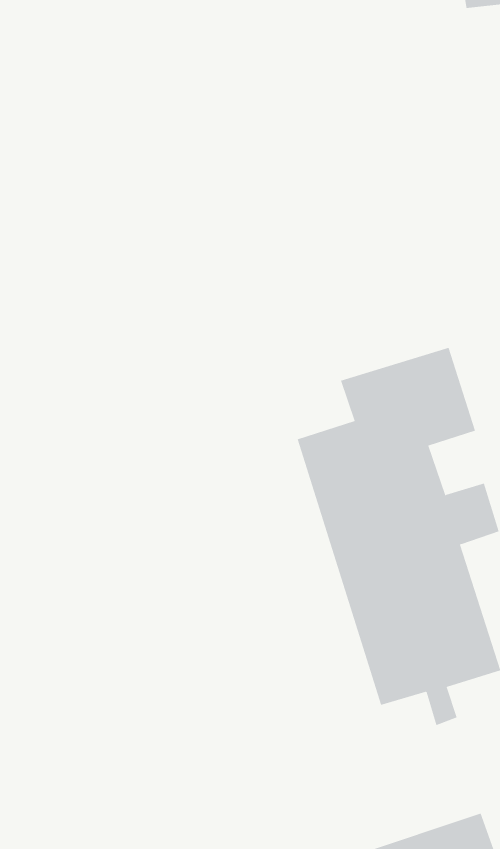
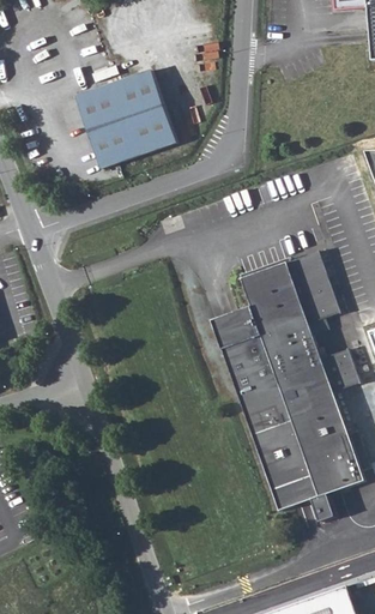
building: none -> [77,70,177,168]

